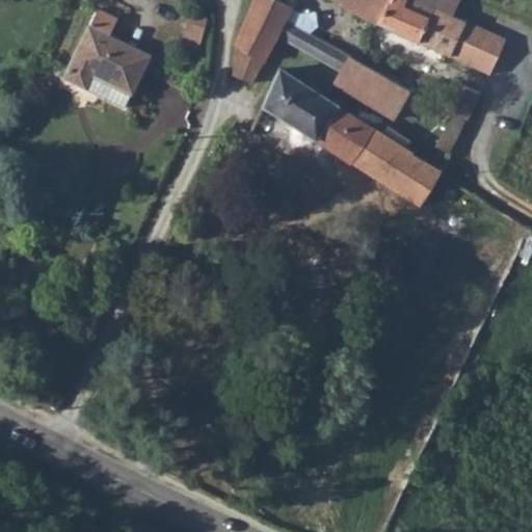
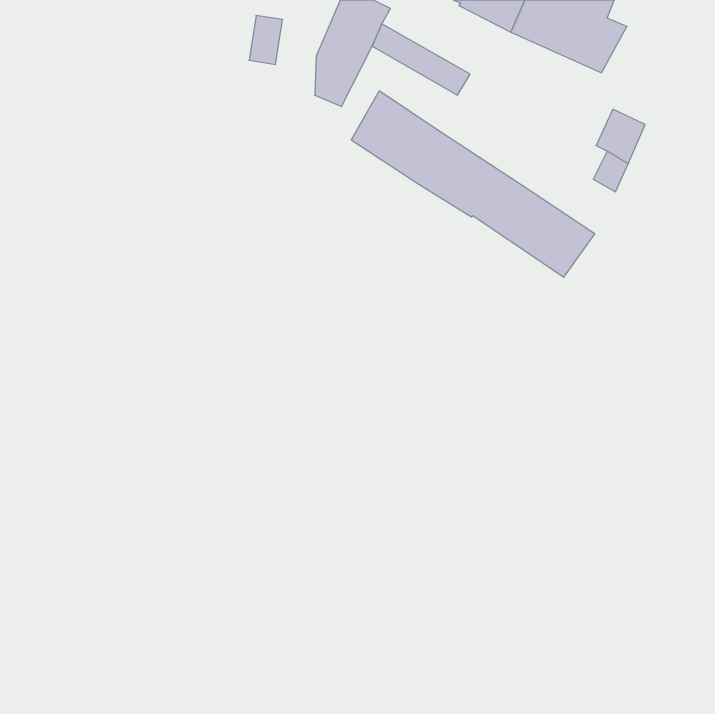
building: [447,21,504,75] -> none
building: [69,23,153,90] -> none
building: [332,56,408,118] -> none

